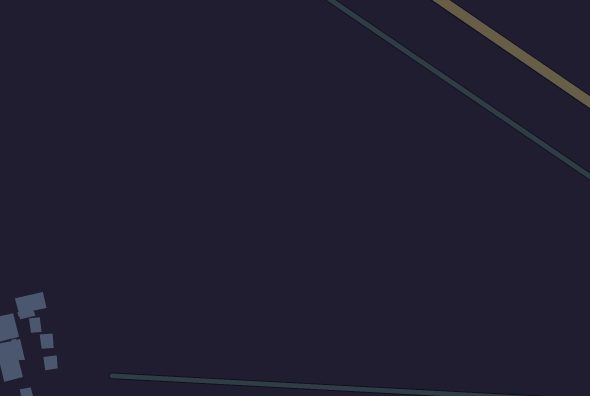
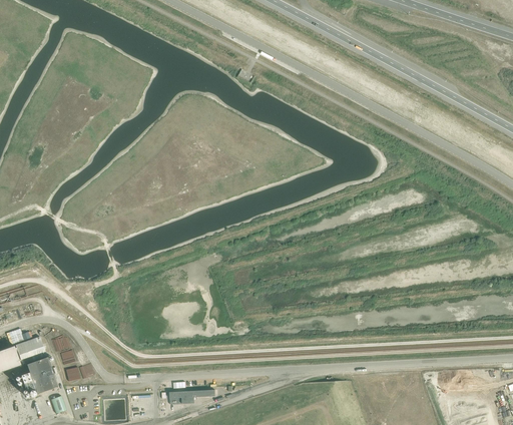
building: [14,291,47,320] -> none

